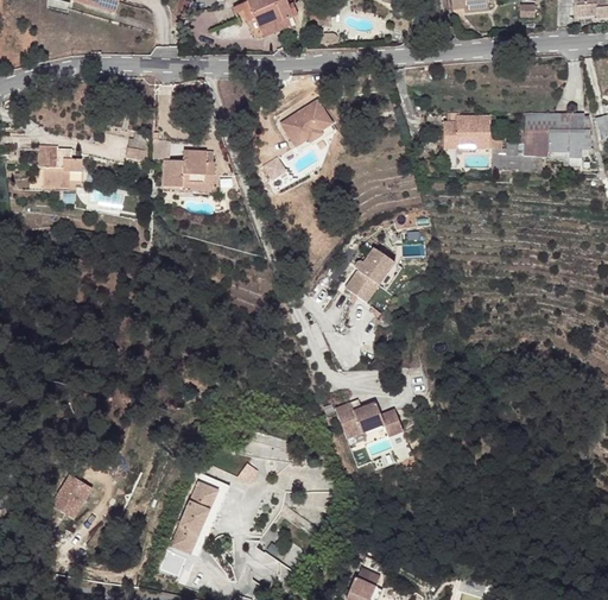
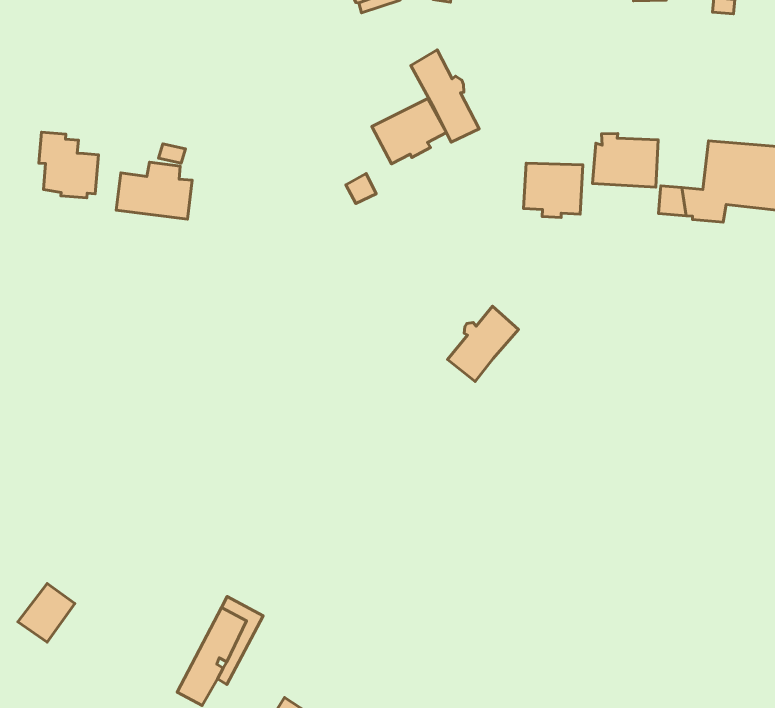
building: none -> [411,50,479,142]
building: none -> [523,163,583,217]
building: [162,150,215,189] -> [116,162,192,219]
building: [337,402,406,443] -> none

